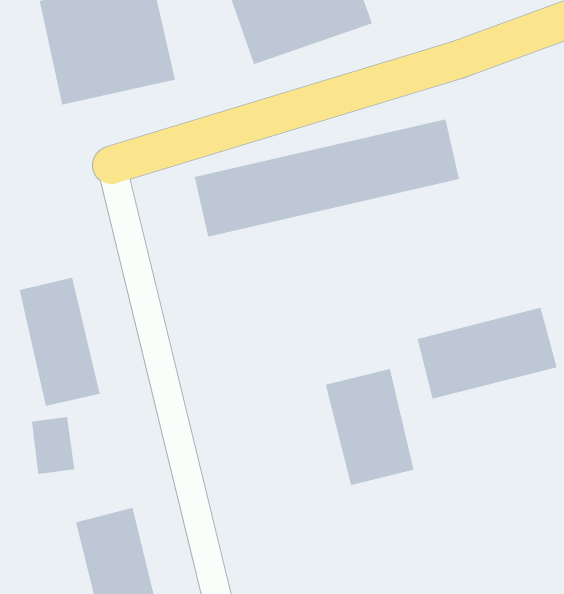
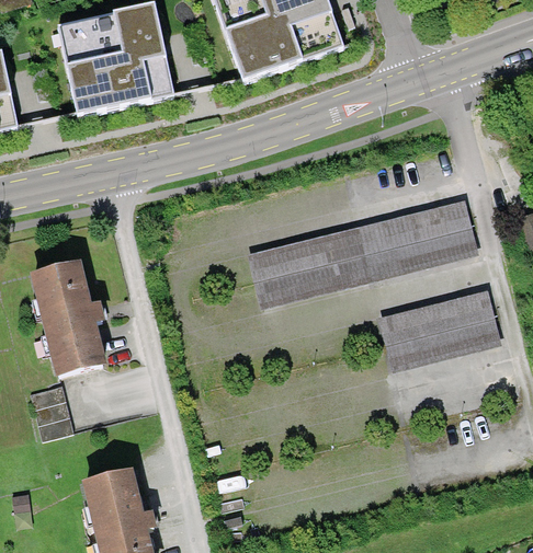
building: [194,119,460,237] -> [248,201,480,304]
building: [325,368,414,486] -> none

